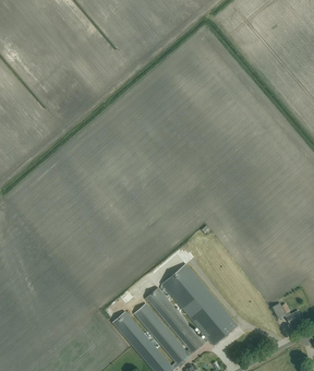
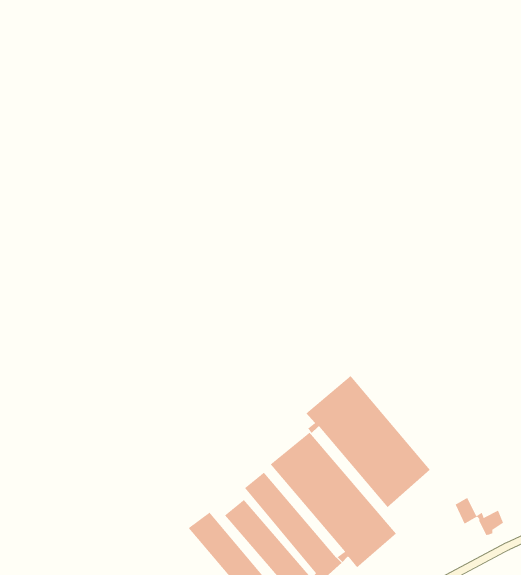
building: none -> [306,375,431,508]

